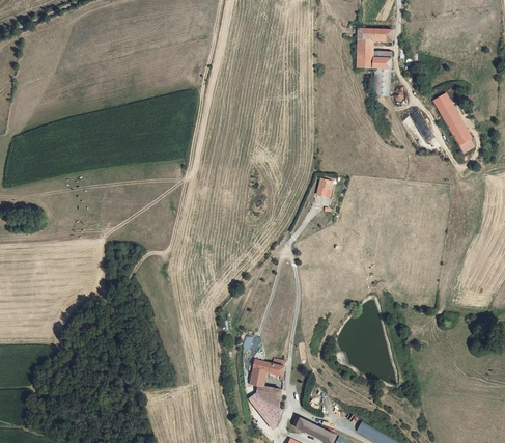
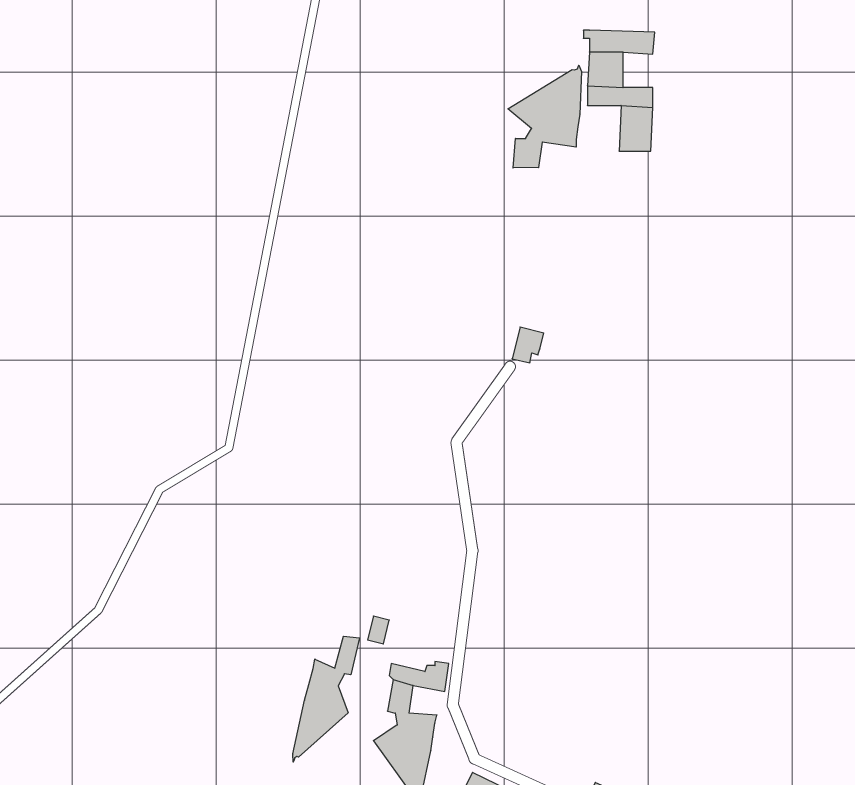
building: none -> [508,65,582,168]
building: [434,92,474,151] -> none
building: none -> [293,636,360,762]

